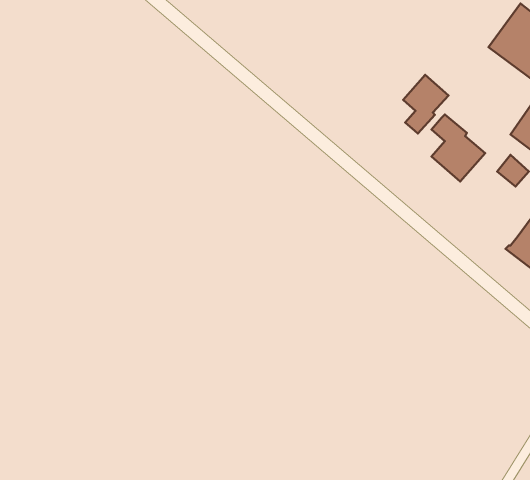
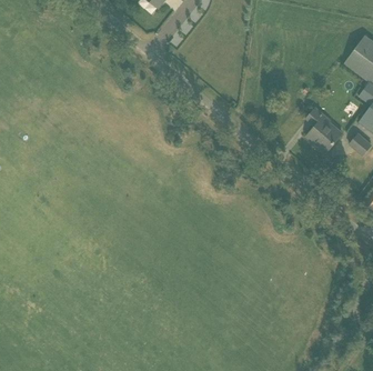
building: [403,75,449,133] -> none

